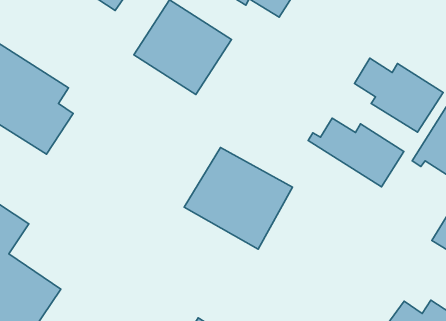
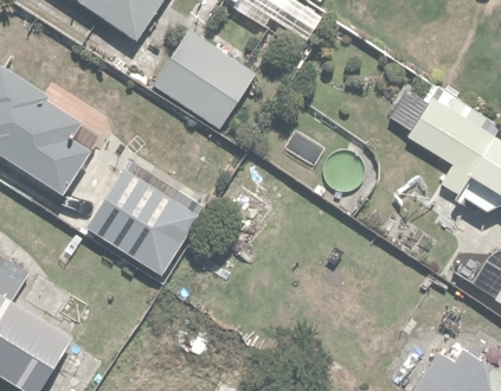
building: [308,118,404,187] -> none
building: [184,147,293,249] -> [86,166,203,275]

